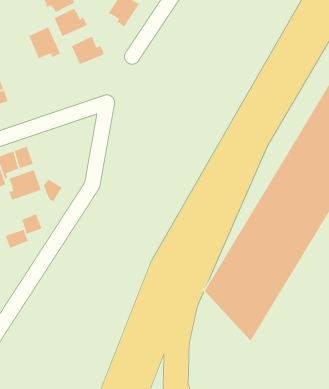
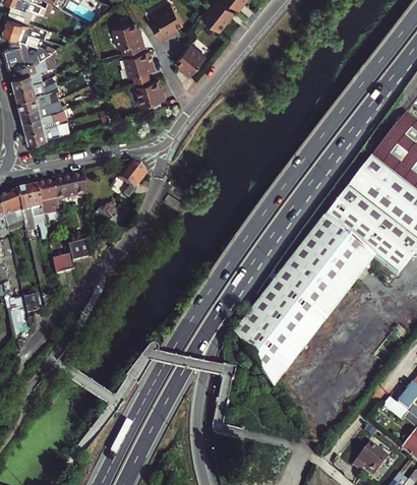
building: [28,26,61,59] -> none
building: none -> [118,161,147,195]
building: [8,169,42,201] -> none

